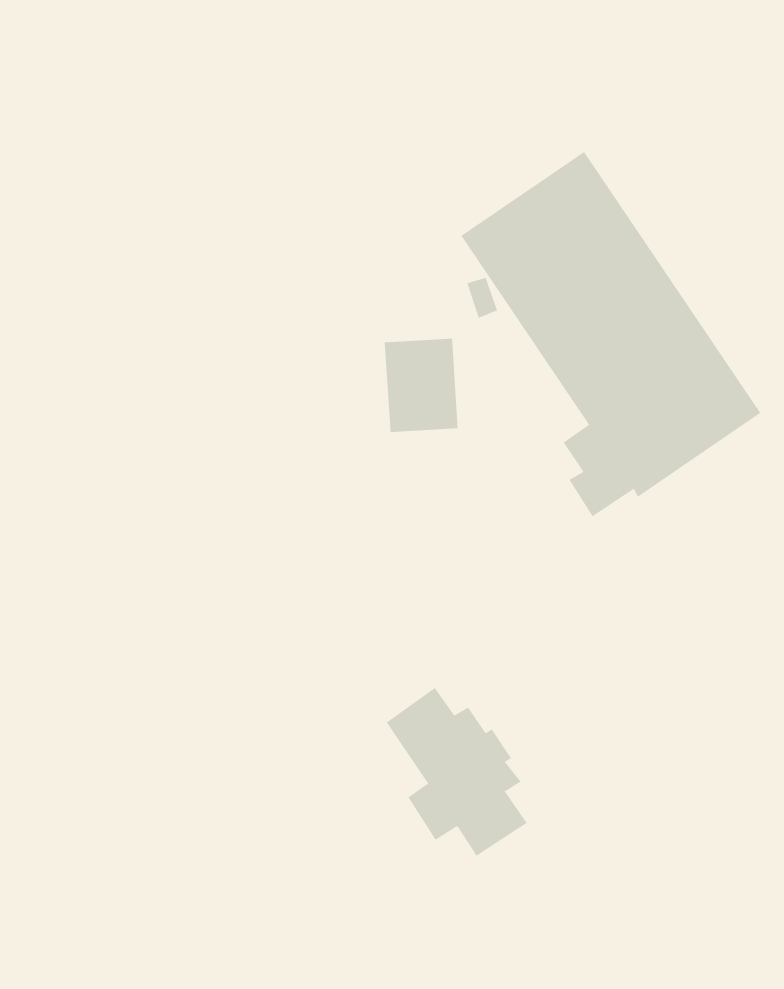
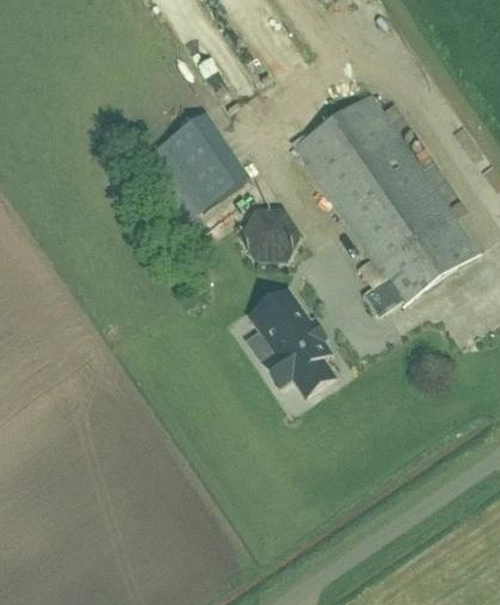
building: none -> [138,113,248,222]
building: [386,687,527,856] -> [248,294,334,396]

